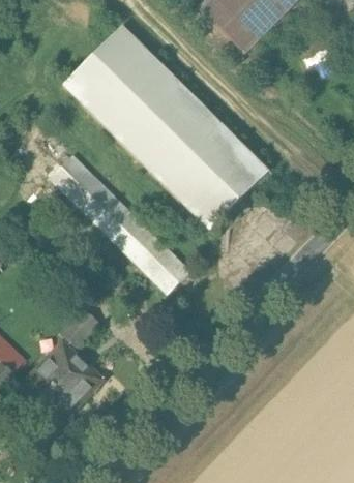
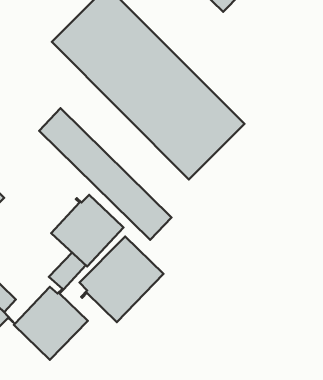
building: none -> [51,195,123,266]
building: none -> [80,237,163,322]

